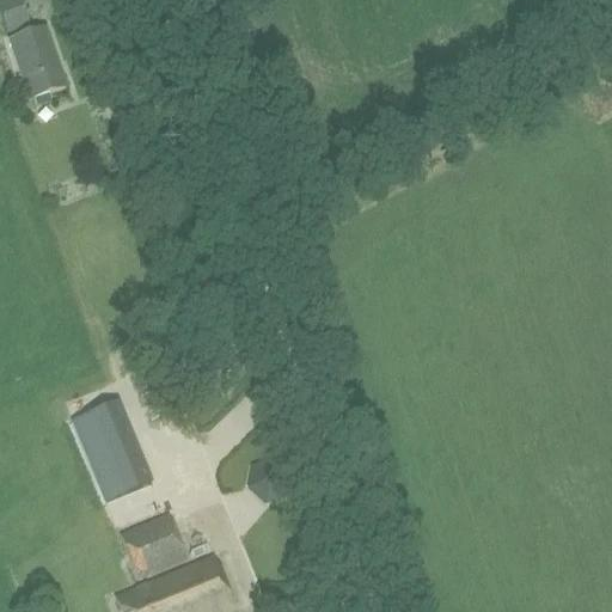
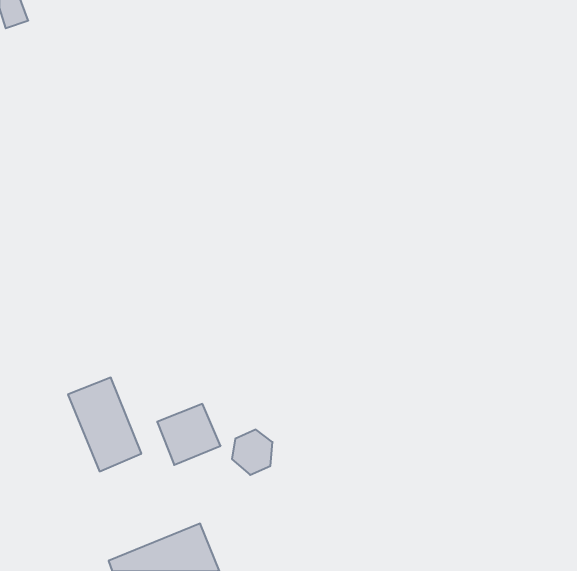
building: [10,24,65,94] -> none
building: [120,510,186,575] -> [157,404,221,465]

